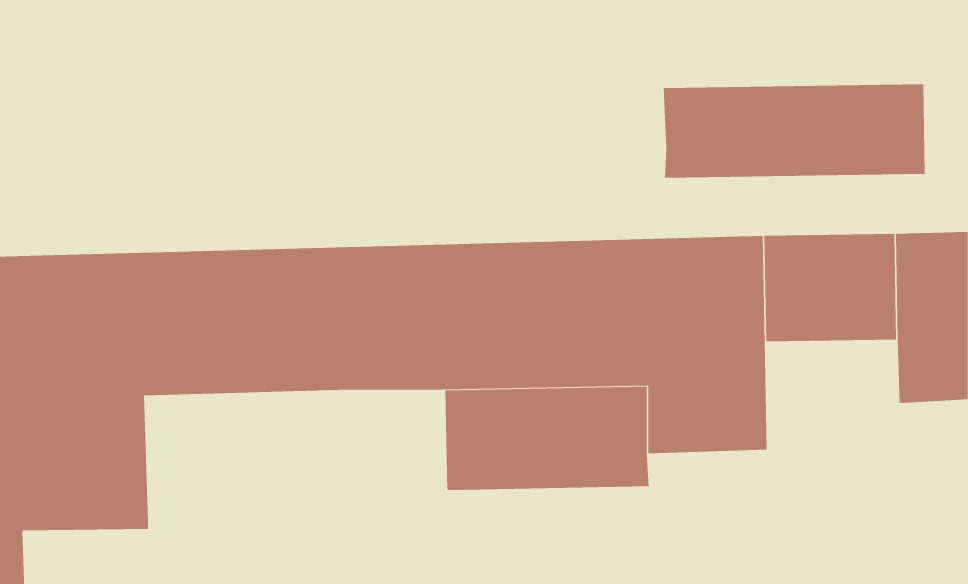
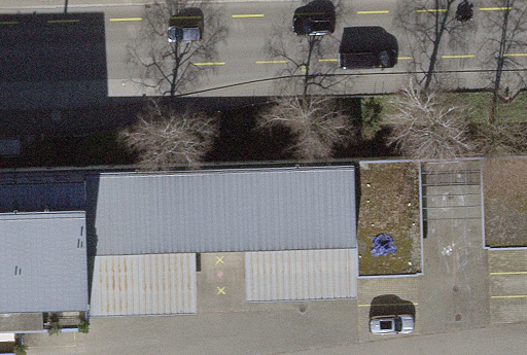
building: [663,84,925,178] -> none
building: none -> [81,245,187,315]

